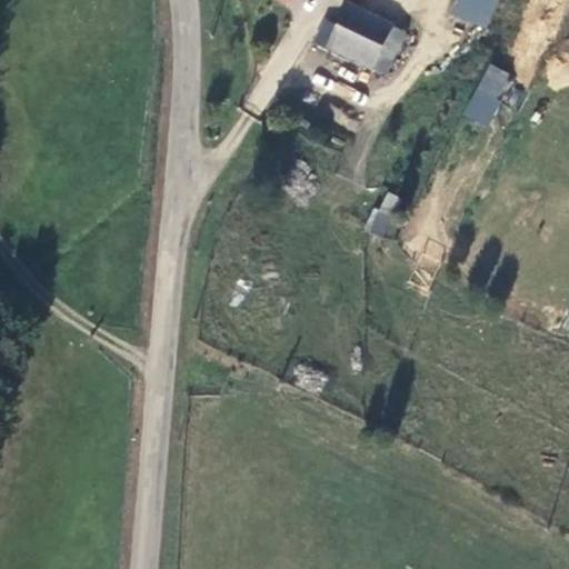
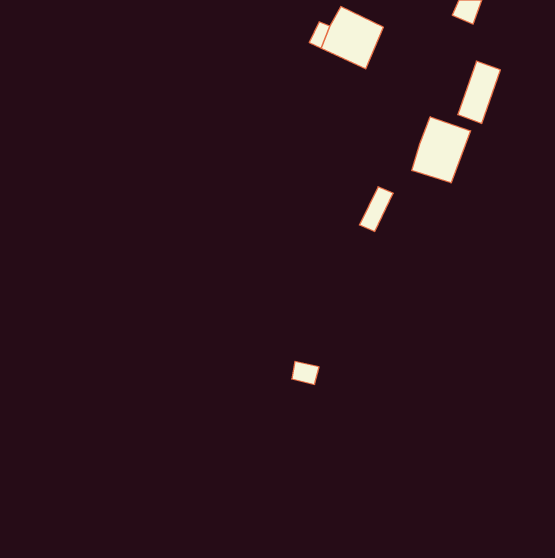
building: none -> [412,117,471,183]

